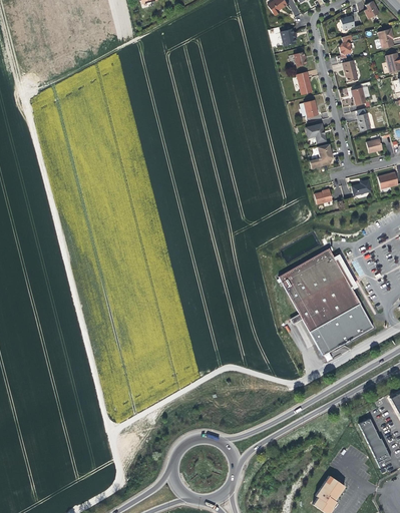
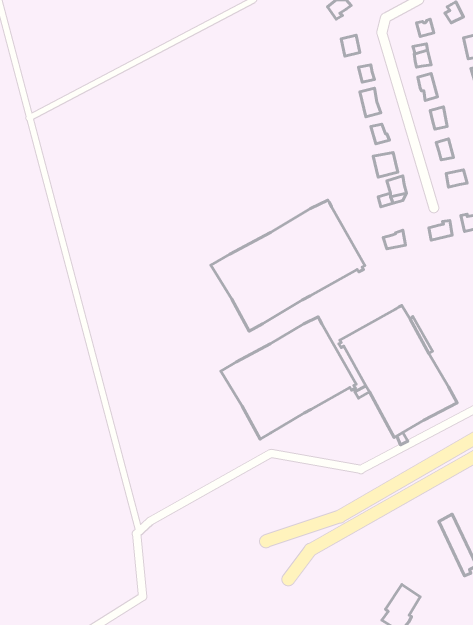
building: none -> [211,200,365,331]
building: none -> [221,317,356,439]

